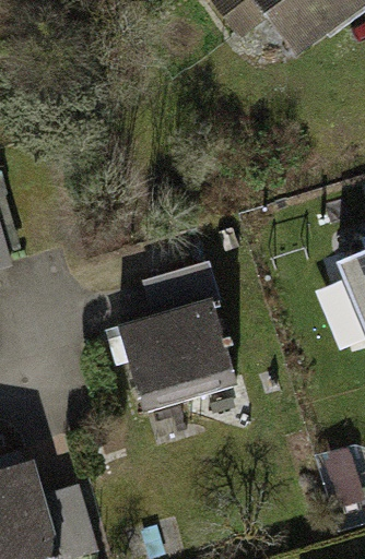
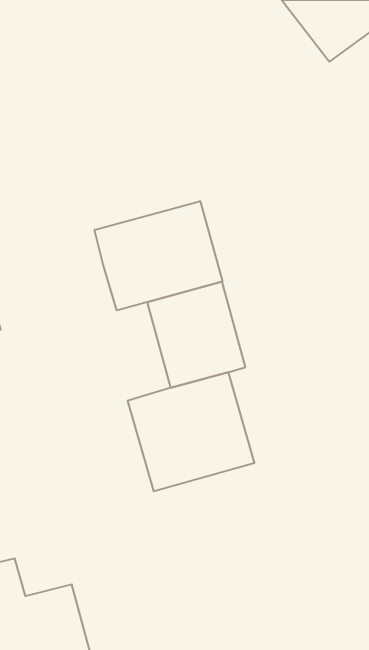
building: none -> [95,201,222,310]

